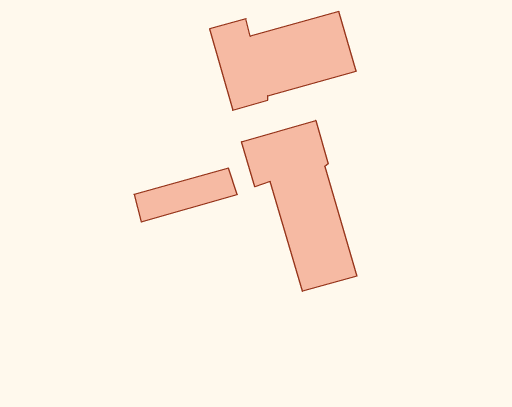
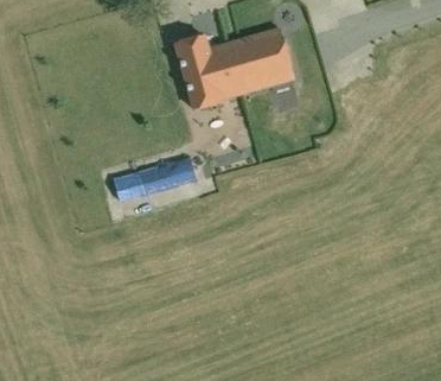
building: [242,120,357,291] -> none

